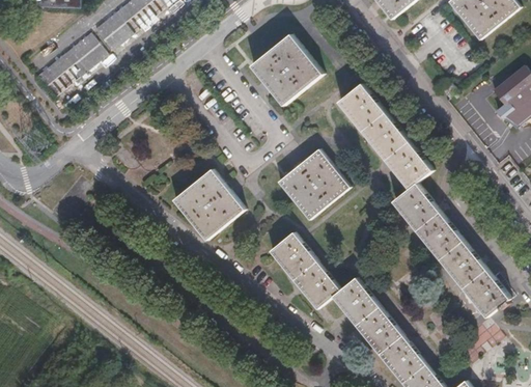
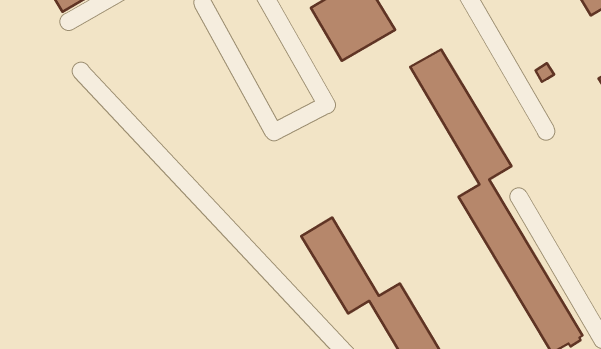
building: [278,149,348,220] -> none
building: [174,169,244,240] -> none

